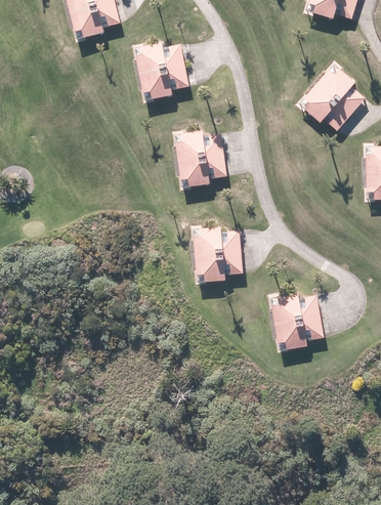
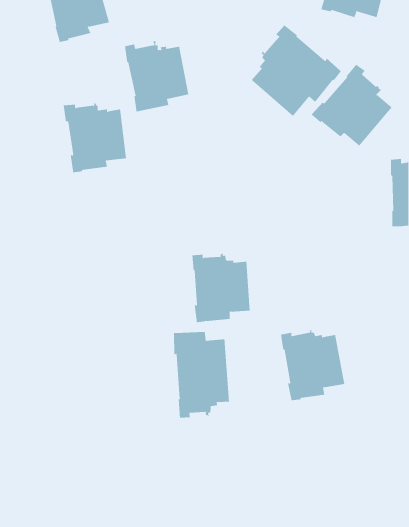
building: none -> [251,24,342,117]
building: [172,128,227,188] -> [63,103,127,173]
building: none -> [173,331,229,418]

